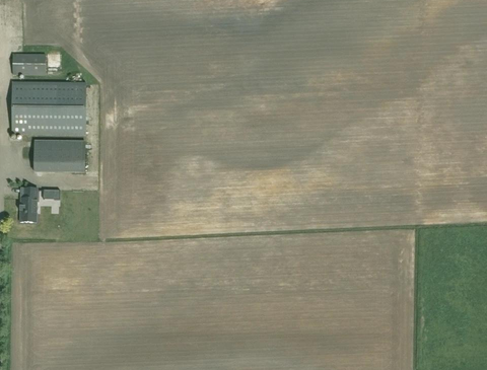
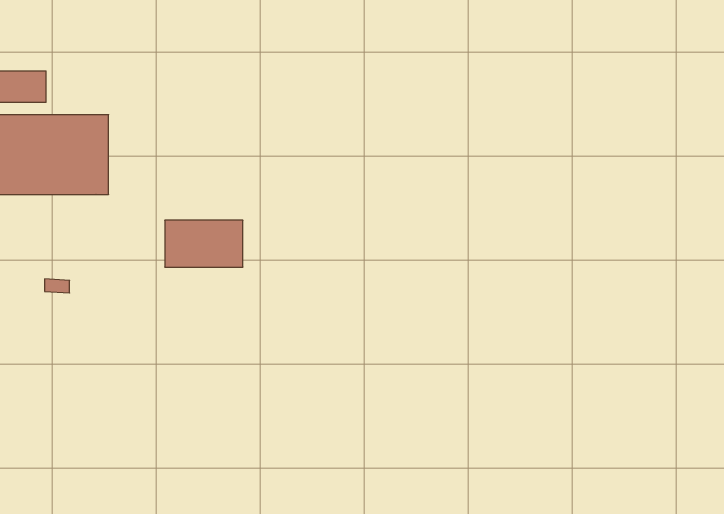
building: [33,140,84,170] -> [165,220,243,267]
building: [19,187,37,221] -> none

